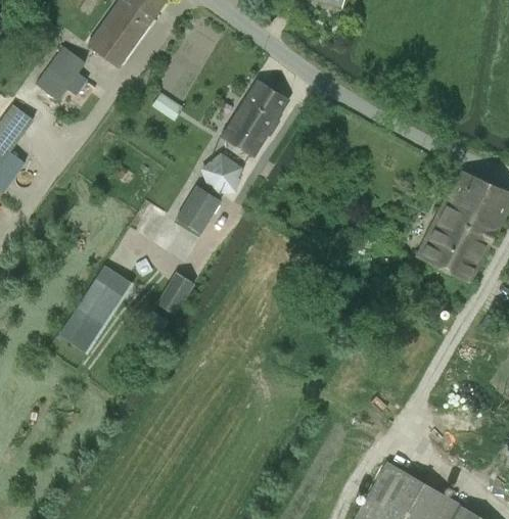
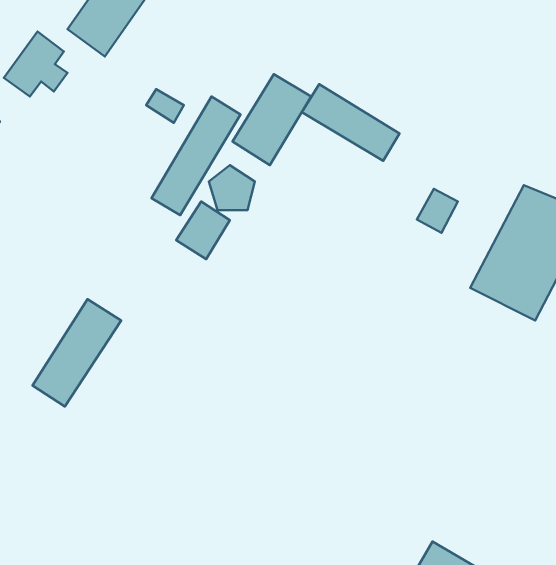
building: none -> [302,84,400,161]
building: none -> [151,97,241,215]
building: none -> [417,189,458,233]
building: [156,271,193,313] -> none

